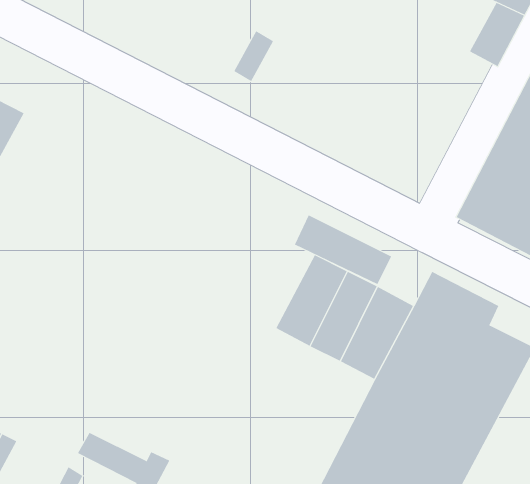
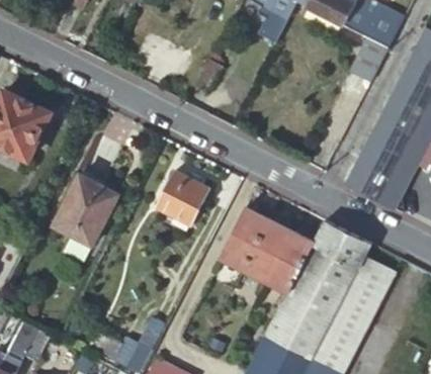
building: none -> [157,174,210,226]
building: none -> [56,177,116,258]
building: [294,215,392,285] -> none

